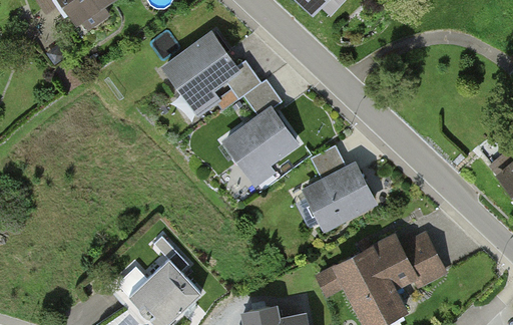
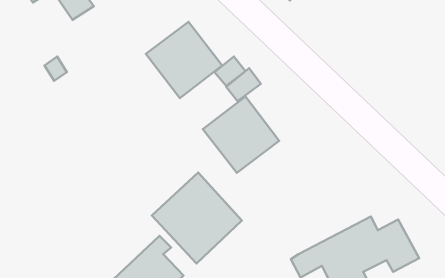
building: [306,146,374,228] -> none
building: none -> [152,173,242,264]

